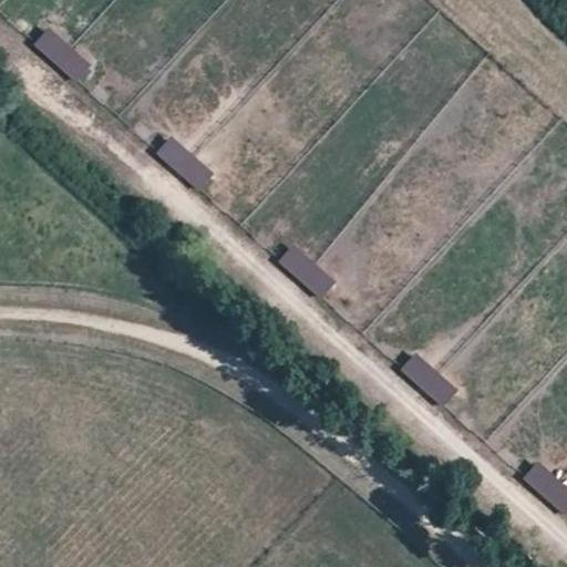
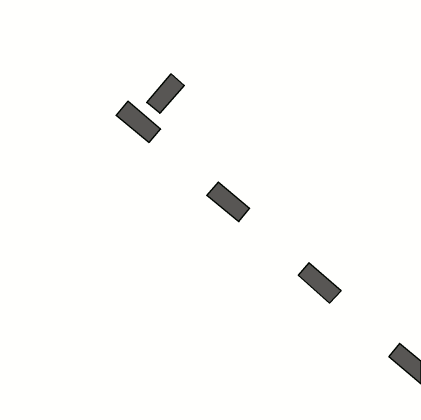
building: [34,28,91,82] -> none
building: none -> [147,74,184,113]

